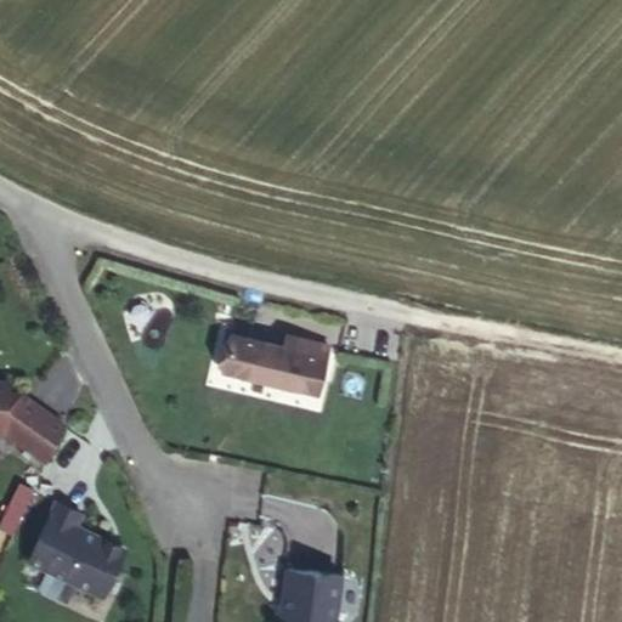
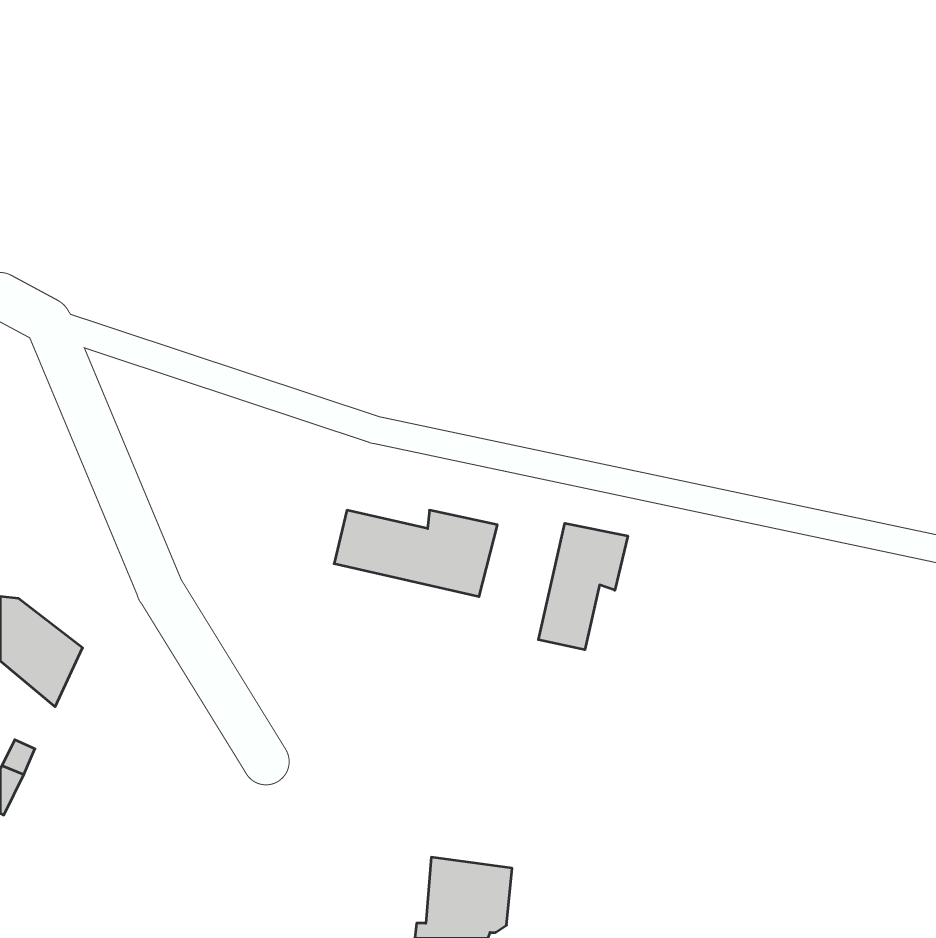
building: none -> [538,523,628,650]
building: [33,502,129,596] -> none

